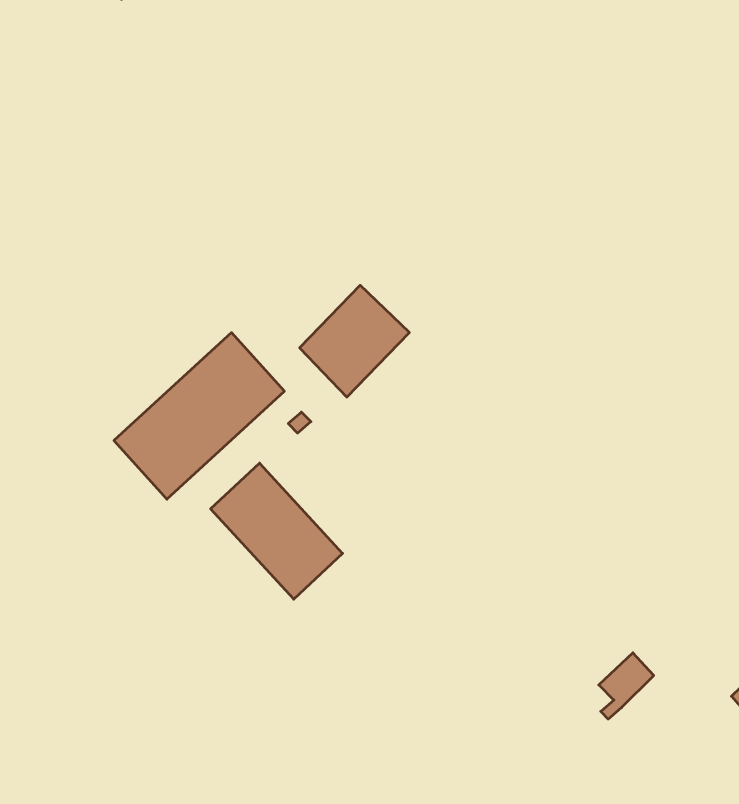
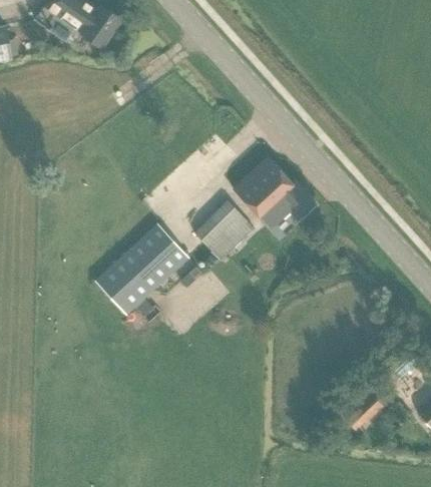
building: none -> [235,157,318,221]
building: [211,463,343,599] -> none

